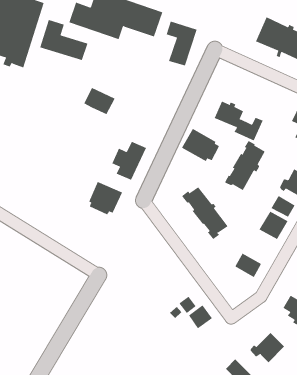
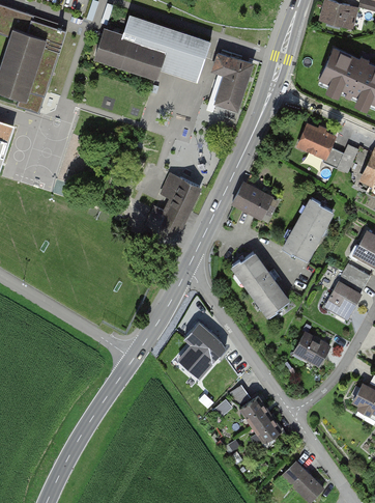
building: [39,19,88,61] -> none
building: [84,87,115,115] -> [162,173,200,206]
building: [214,101,264,141] -> [298,124,358,173]
building: [88,181,123,215] -> none
building: none -> [183,322,225,378]
building: none -> [251,412,282,450]
building: [250,332,285,363] -> none

